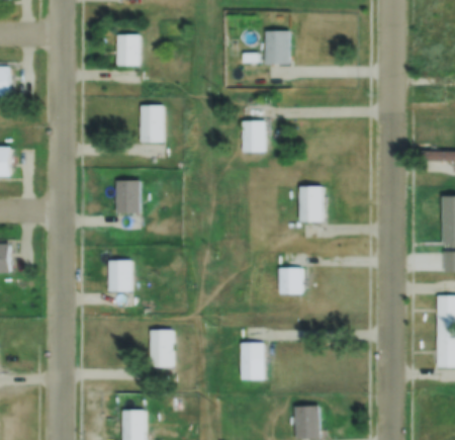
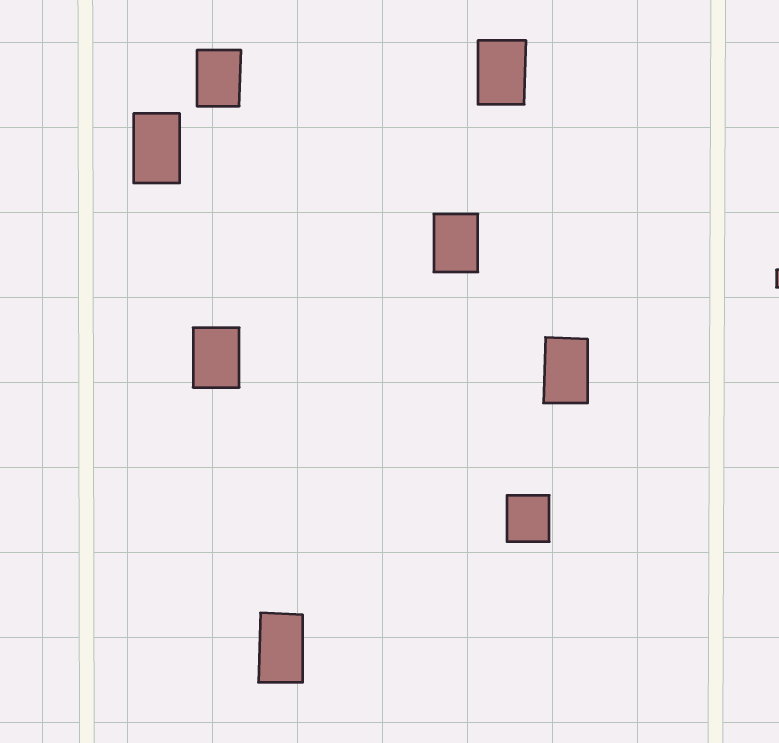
building: [140,106,164,143] -> [134,114,180,183]
building: [108,261,131,291] -> none
building: [242,344,265,380] -> none

